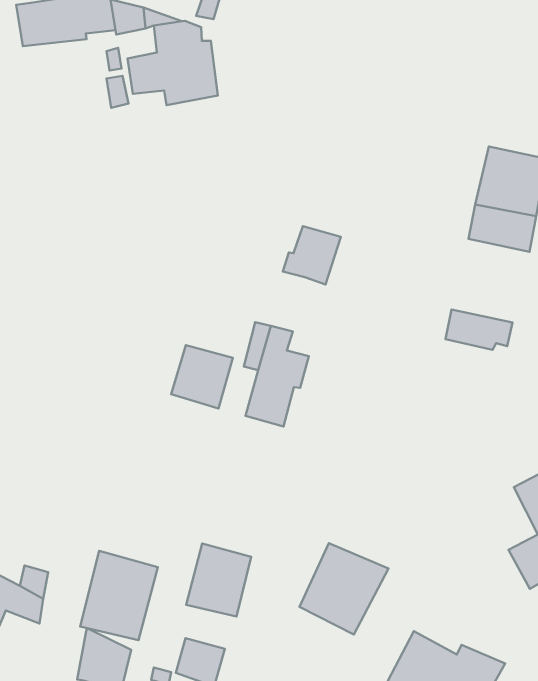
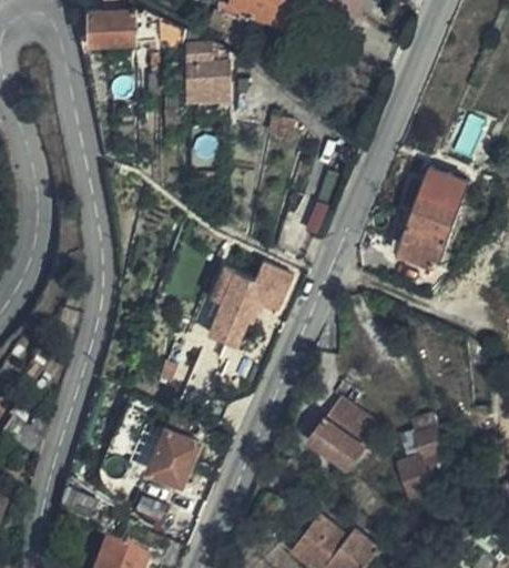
building: [283,226,341,284] -> [250,264,296,310]
building: [446,310,512,350] -> [388,234,439,268]
building: [171,345,233,409] -> none
building: [299,543,389,634] -> [302,399,371,469]
building: [80,551,158,640] -> none

